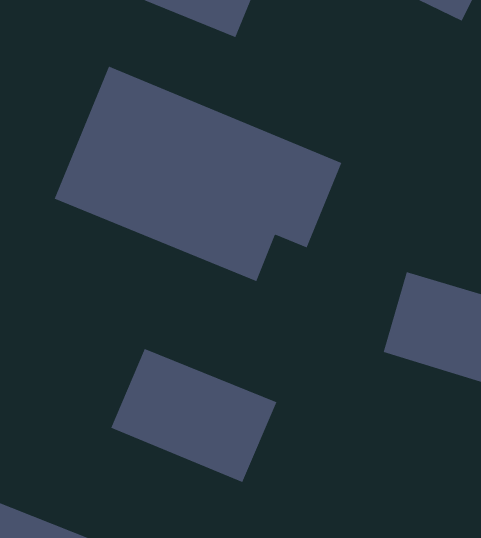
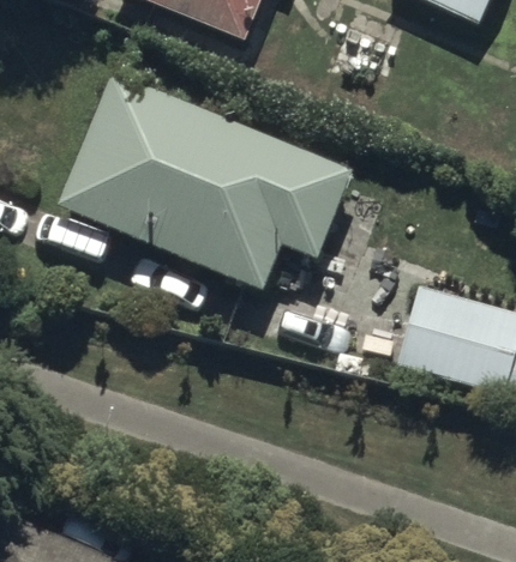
building: [111,348,277,483] -> none

